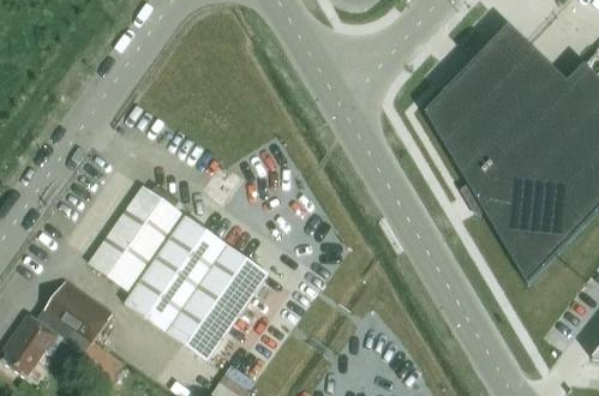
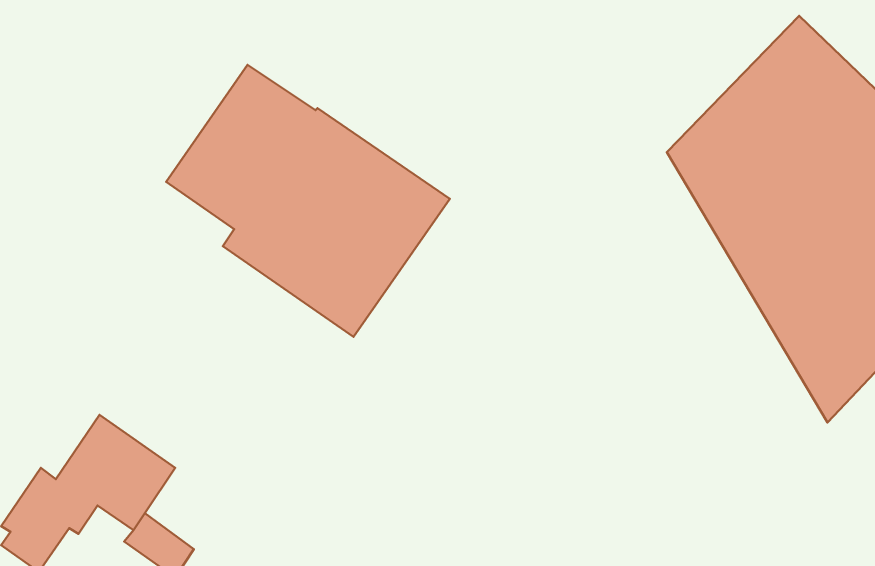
building: [89,186,269,359] -> [166,65,450,337]

